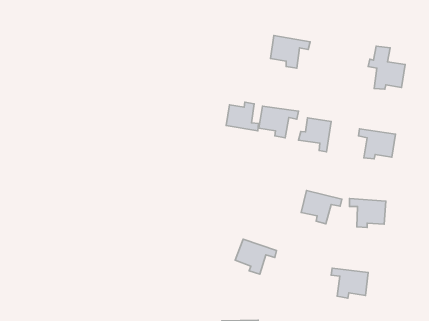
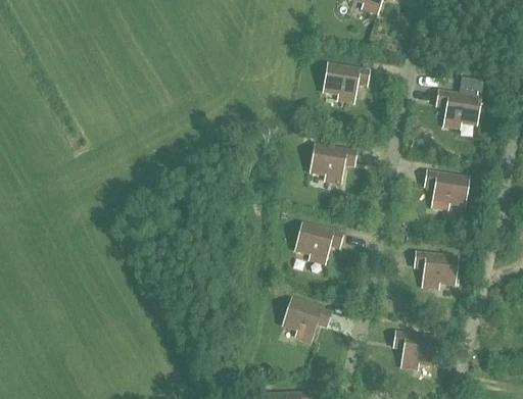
building: [226,102,259,131] -> none
building: [299,118,331,152] -> none
building: [301,190,342,224] -> [296,223,343,262]

